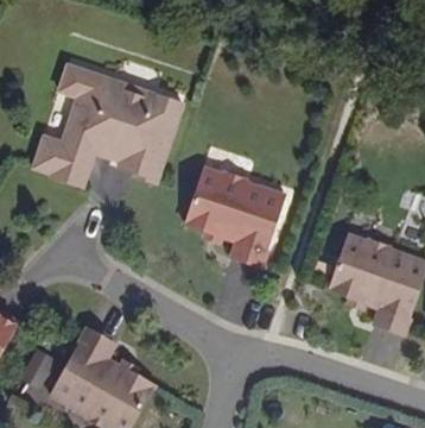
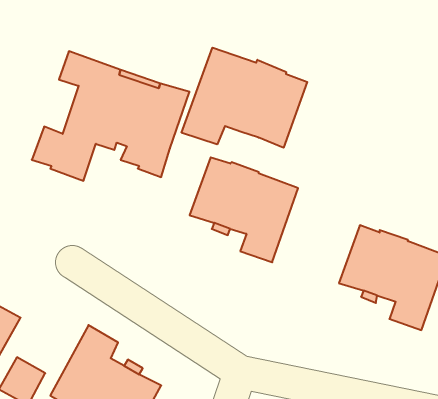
building: none -> [182,48,307,148]

